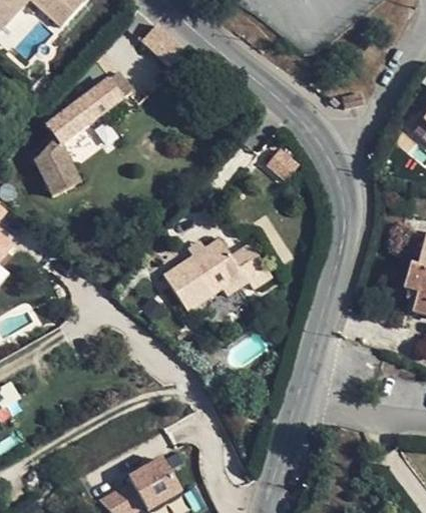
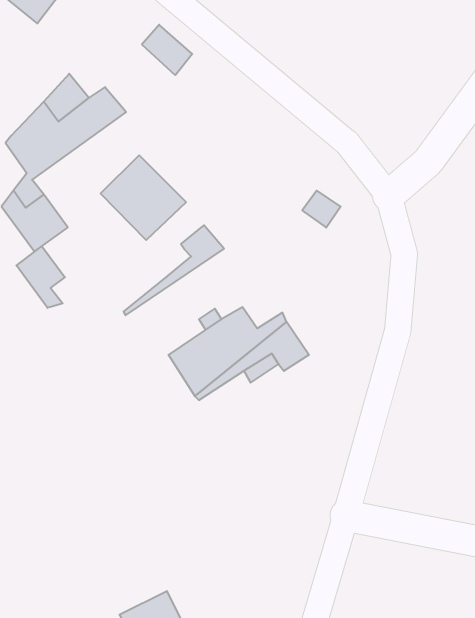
building: none -> [101,155,186,240]
building: none -> [124,225,224,315]
building: none -> [16,246,65,308]

